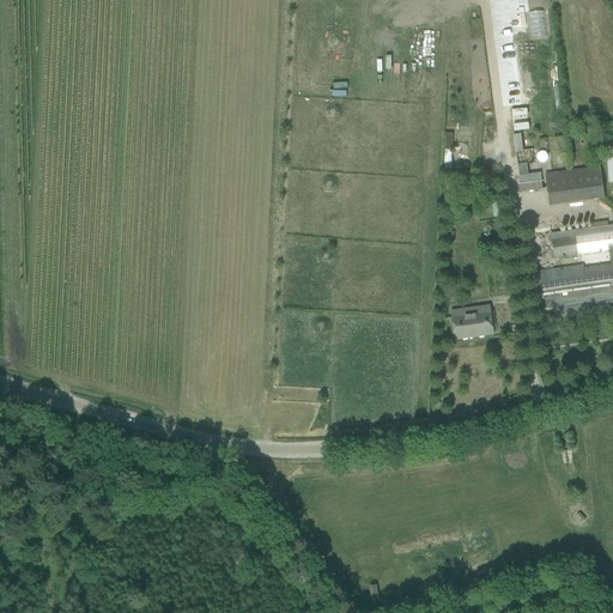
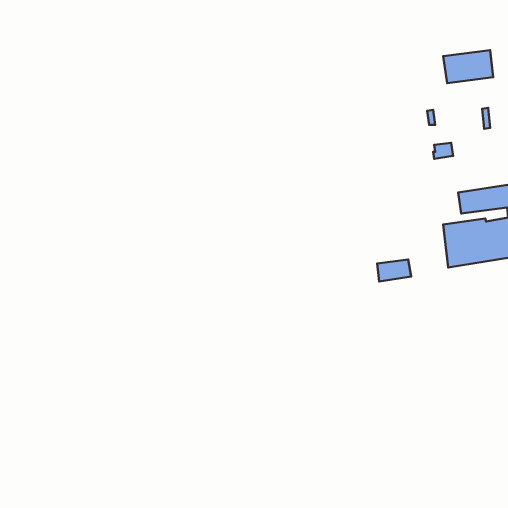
building: [546,164,606,204] -> [443,50,493,83]

